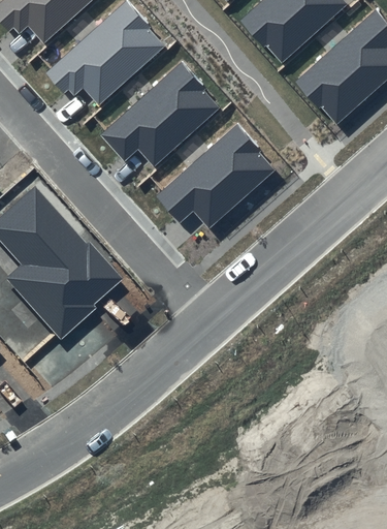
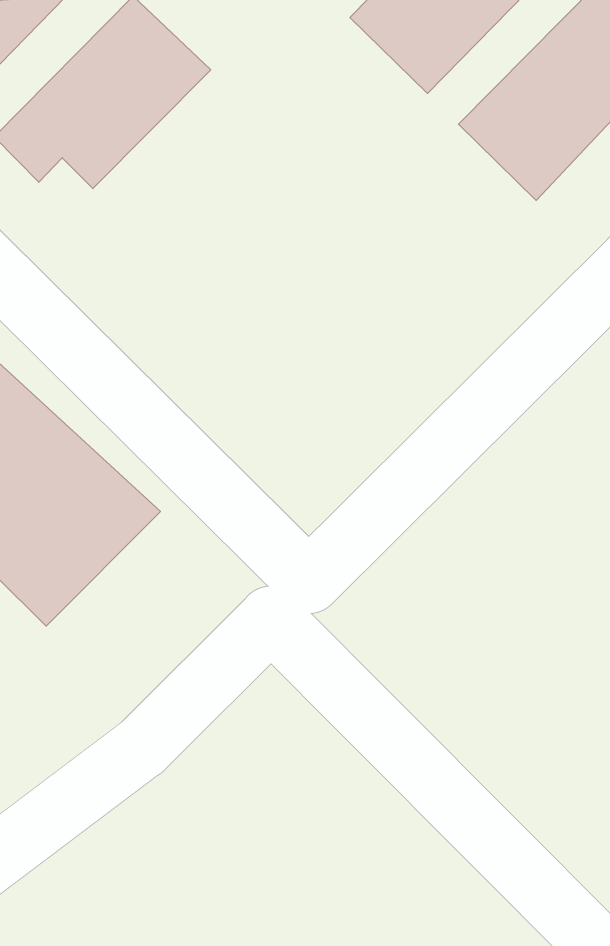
building: [100,65,219,167] -> none
building: [157,126,276,228] -> none

